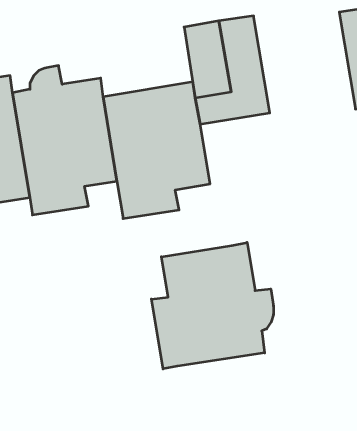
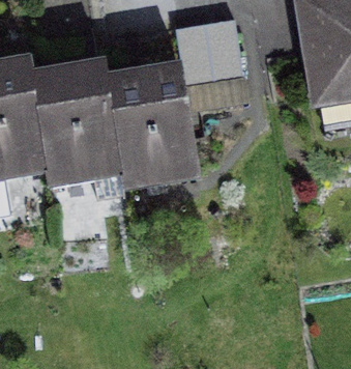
building: [151,242,273,369] -> none

